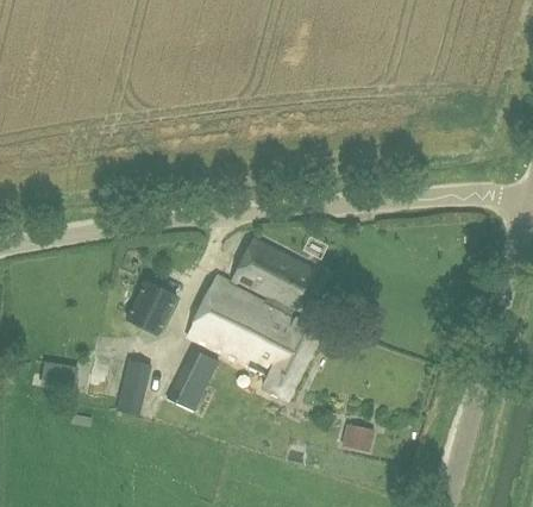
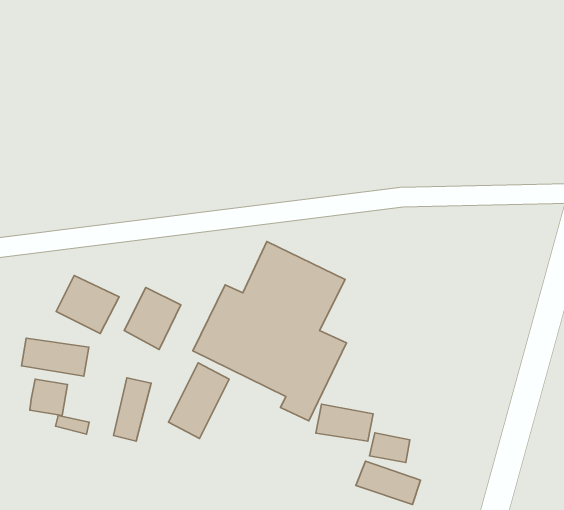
building: none -> [56,276,119,333]
building: none -> [22,338,89,376]
building: none -> [316,404,373,441]

